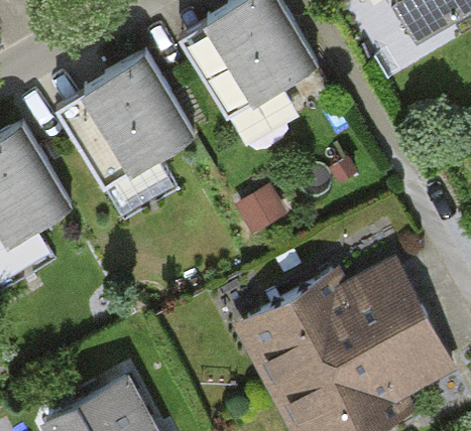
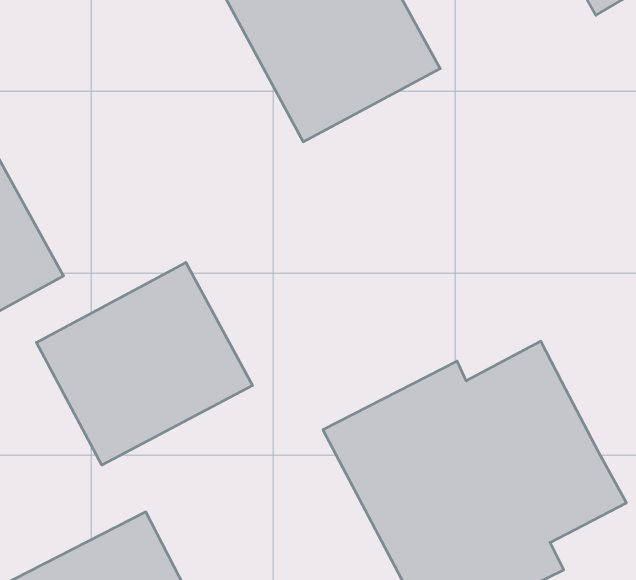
building: [56,53,199,197] -> none
building: none -> [36,262,252,465]

